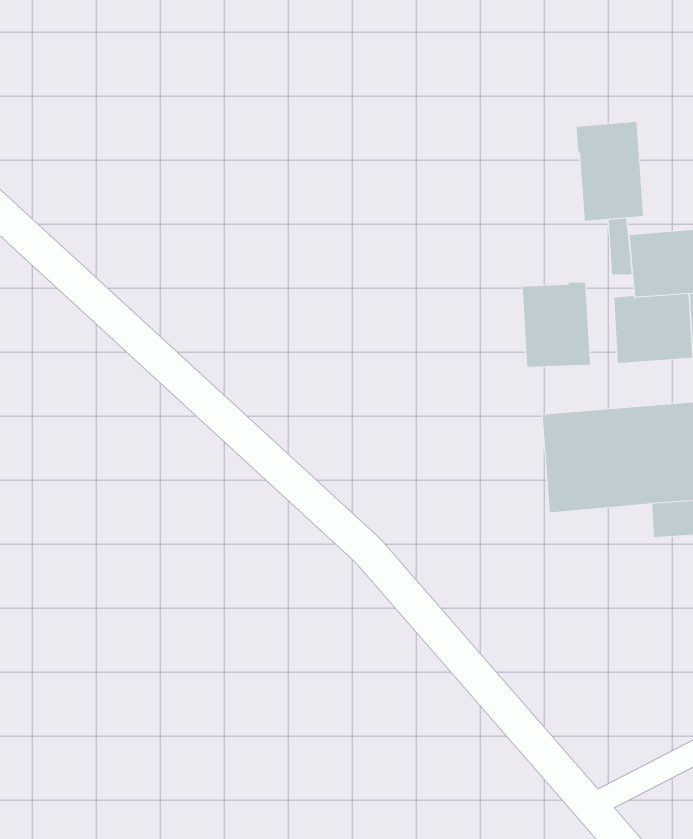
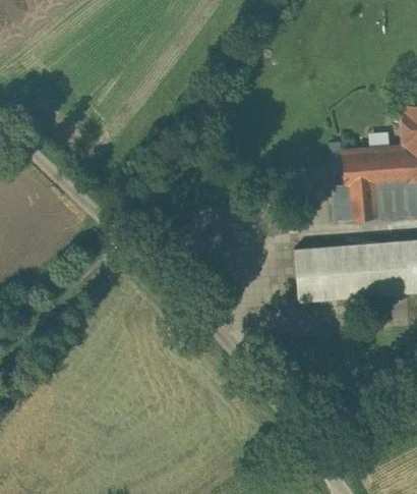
building: [576,121,644,221] -> none
building: [522,282,590,367] -> none

